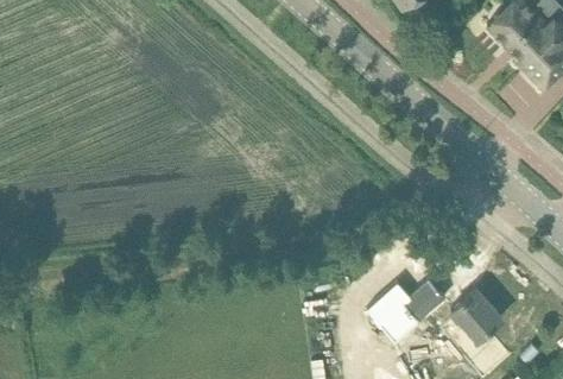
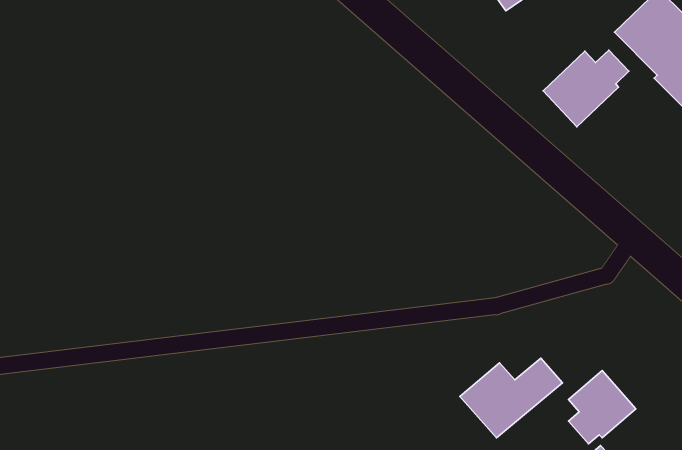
building: none -> [543,50,629,127]

